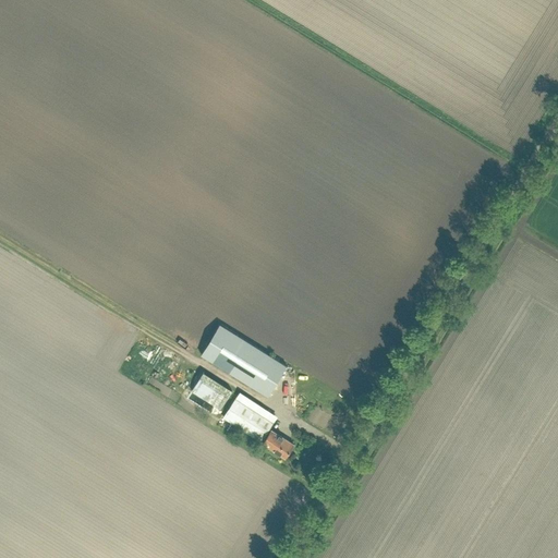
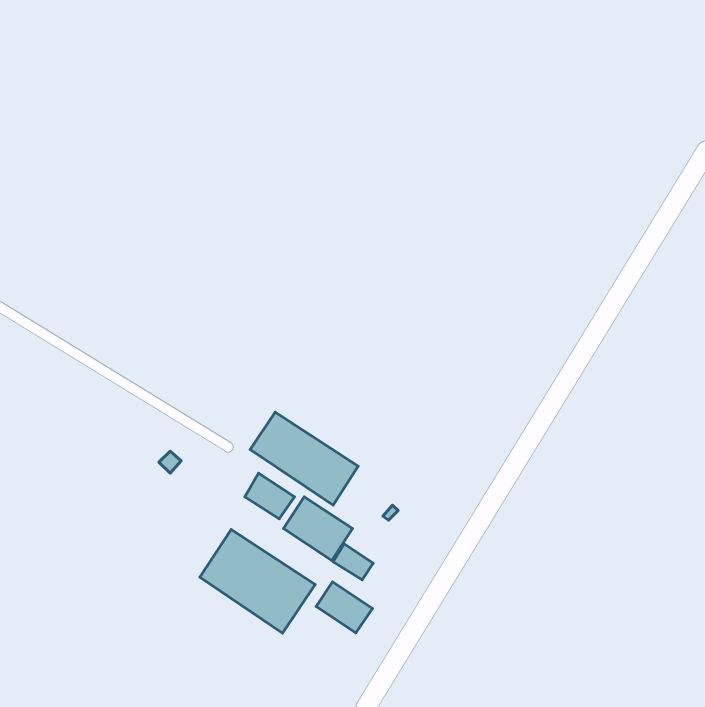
building: none -> [200,529,315,633]
building: none -> [316,582,372,633]

